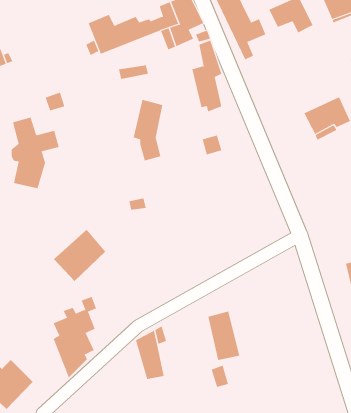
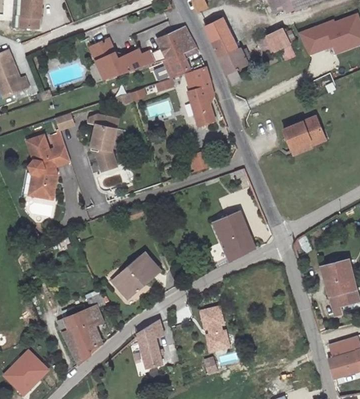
building: [133,99,163,161] -> [91,116,118,171]
building: none -> [212,208,254,266]
building: [53,229,106,282] -> [113,253,160,300]

